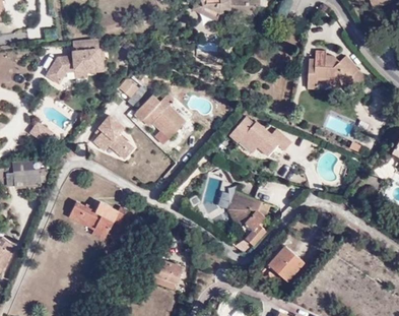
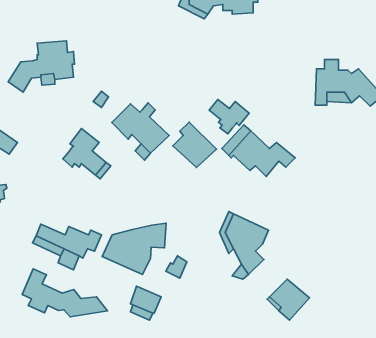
building: none -> [209,99,249,134]
building: none -> [173,122,216,168]
building: none -> [102,223,166,274]
building: none -> [22,269,108,317]

